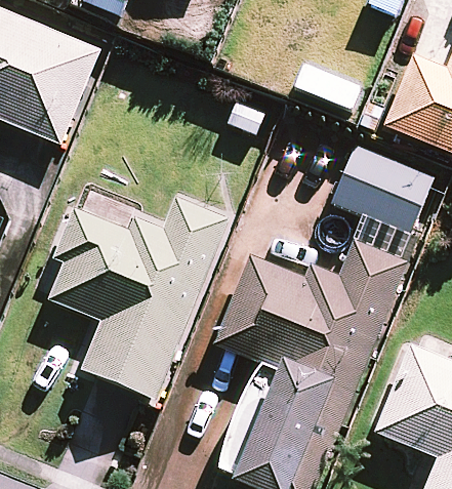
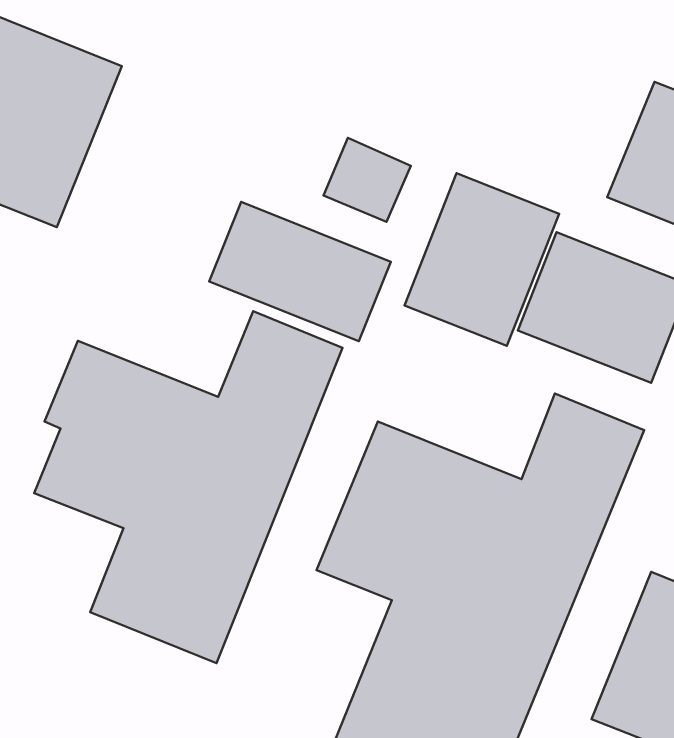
building: none -> [404,173,559,346]
building: none -> [209,202,391,341]

